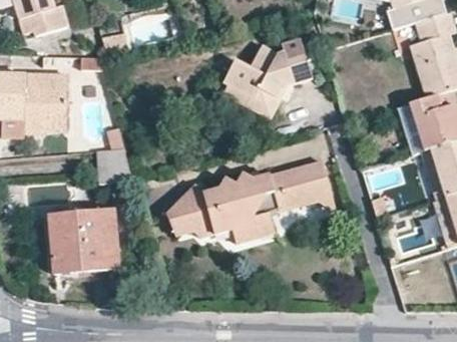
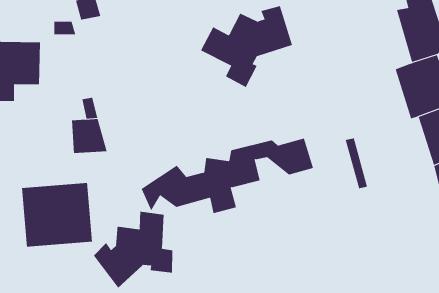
building: none -> [93,211,173,288]

